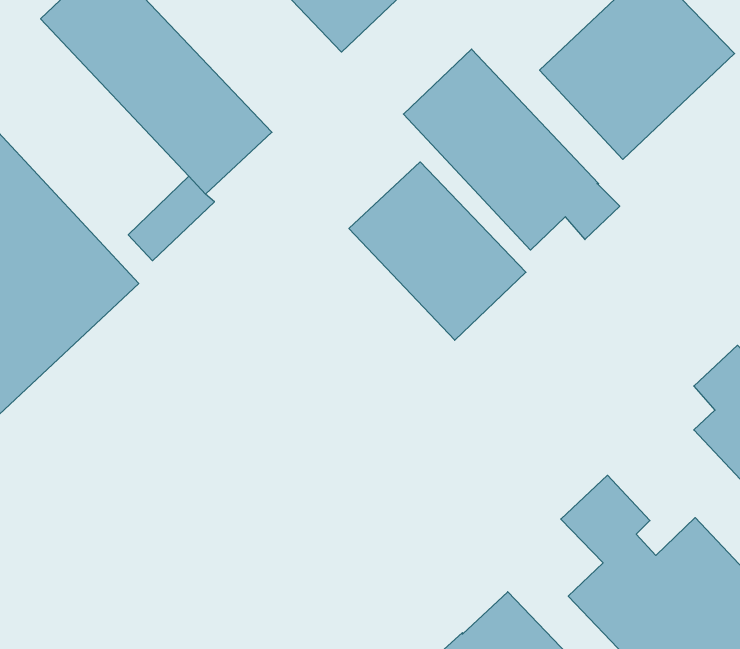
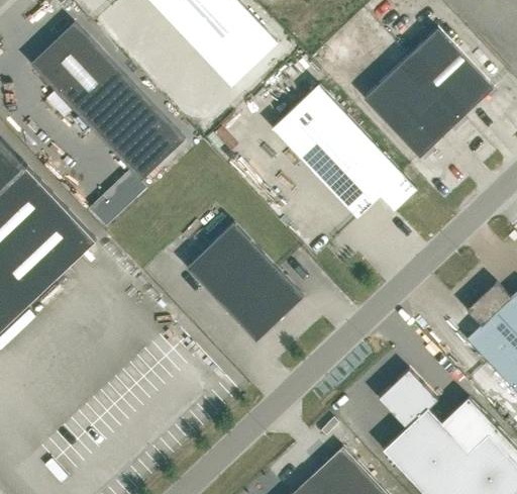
building: [349,162,526,340] -> [187,222,305,341]

